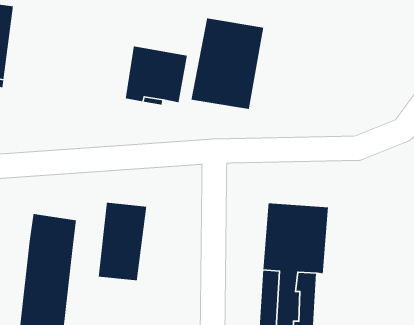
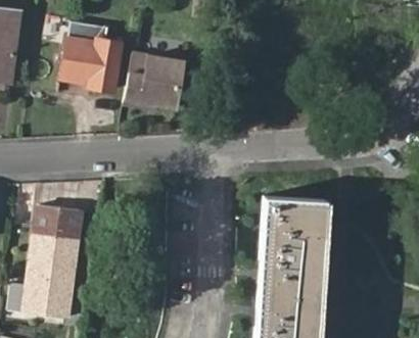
building: [191,18,264,110] -> none
building: none -> [62,22,124,91]
building: [98,202,147,281] -> none

